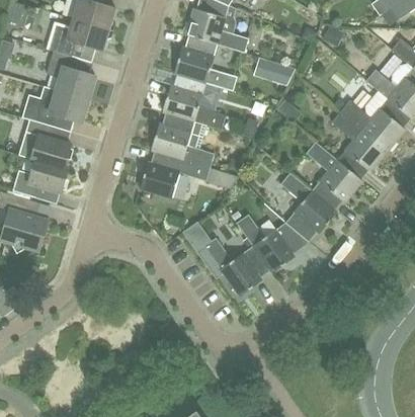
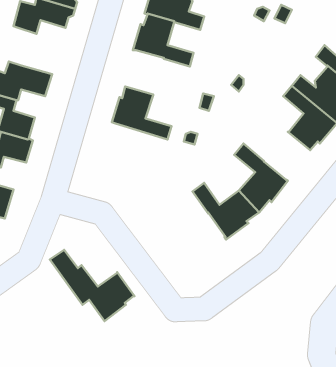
building: [46,51,95,99] -> none
building: [254,57,296,84] -> none
building: [162,74,225,130] -> none
building: [306,142,362,211] -> none
building: [140,151,210,198] -> none
building: [181,222,270,297] -> [50,250,135,321]

